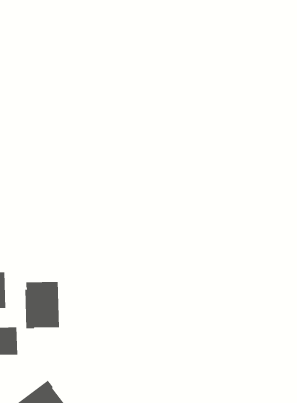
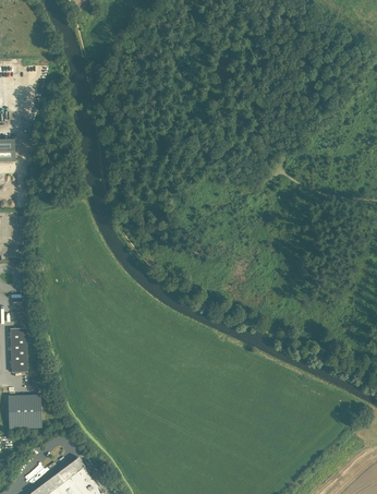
building: [25,281,59,329] -> none

